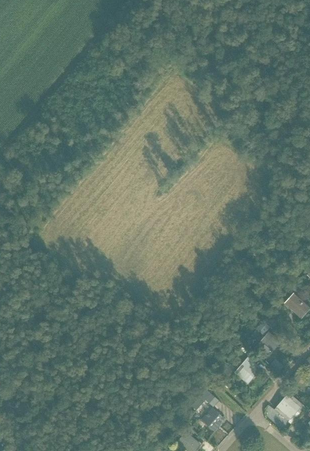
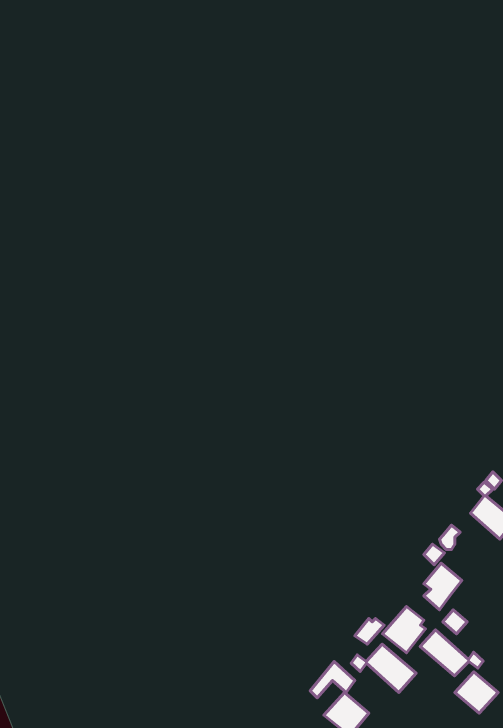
building: none -> [420,630,483,676]
building: none -> [351,644,416,692]

